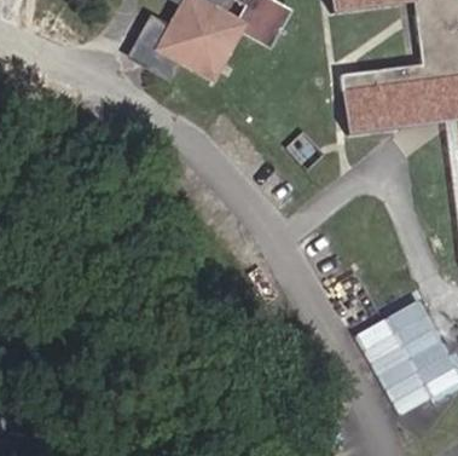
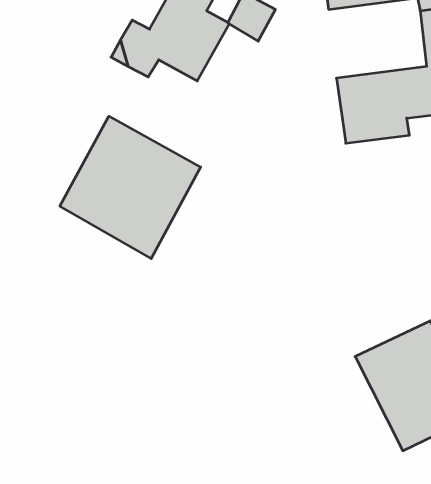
building: none -> [60,116,201,259]

